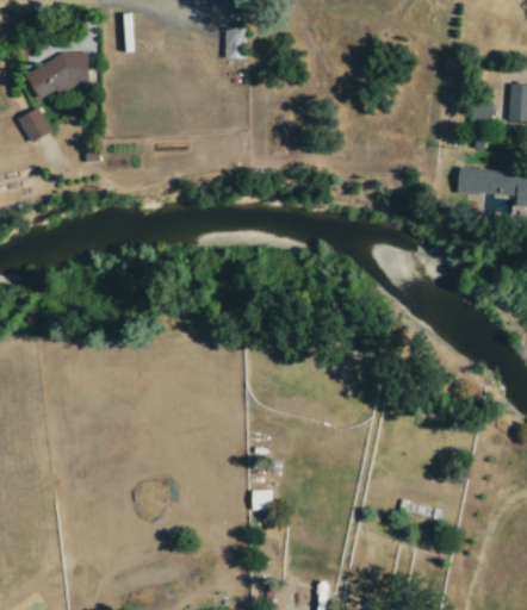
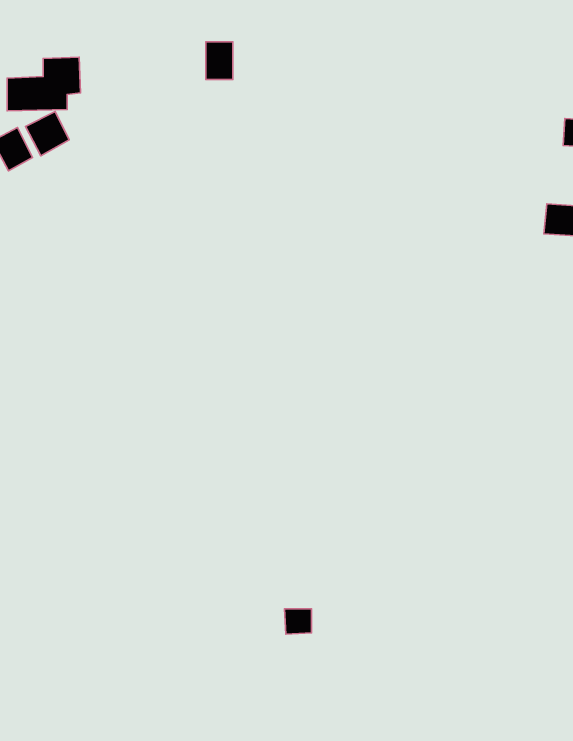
building: [224,29,246,58] -> [206,42,233,79]
building: none -> [25,112,69,156]

